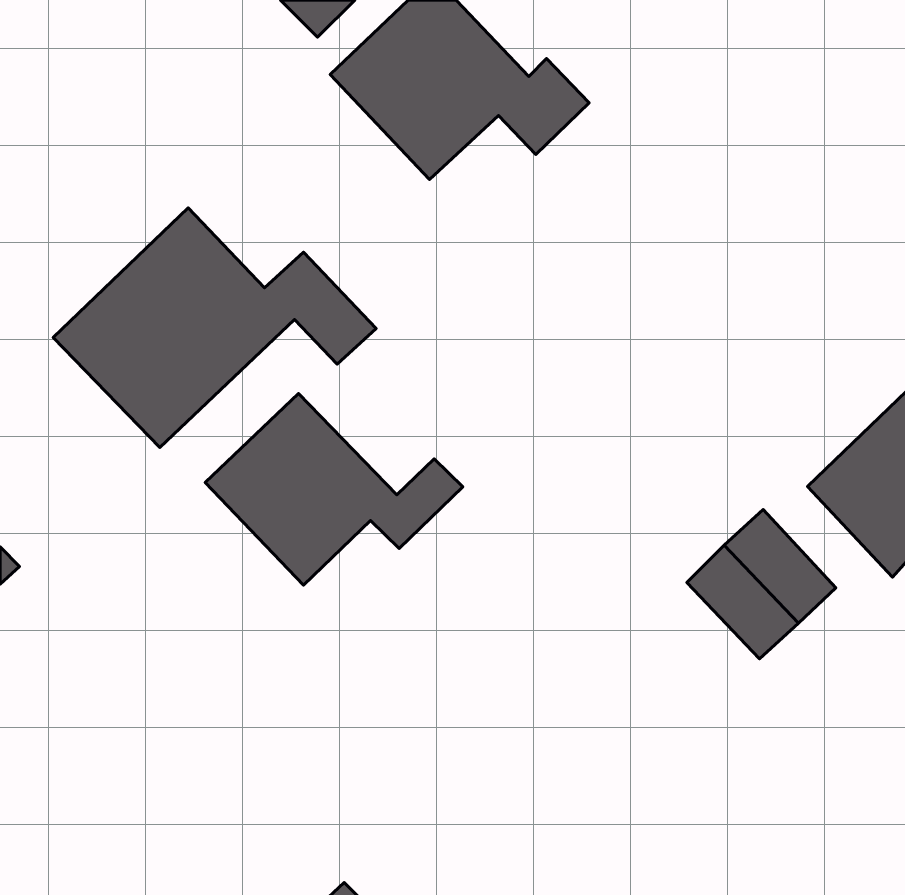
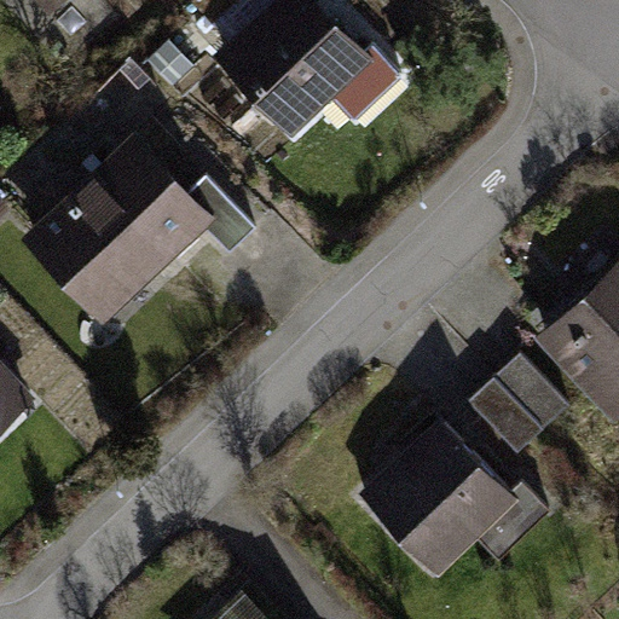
building: [205,394,463,585] -> none
building: none -> [368,427,513,572]

